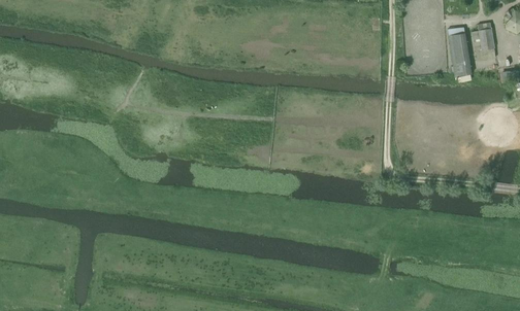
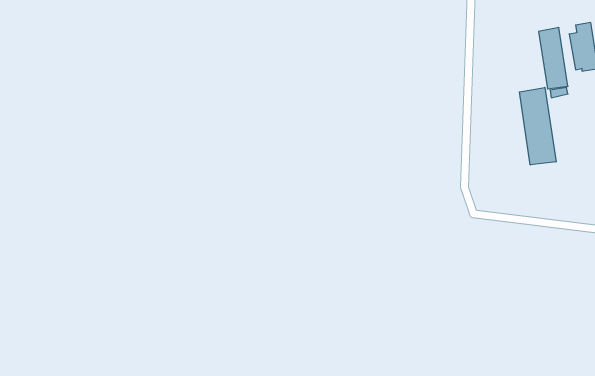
building: none -> [519,87,556,165]

